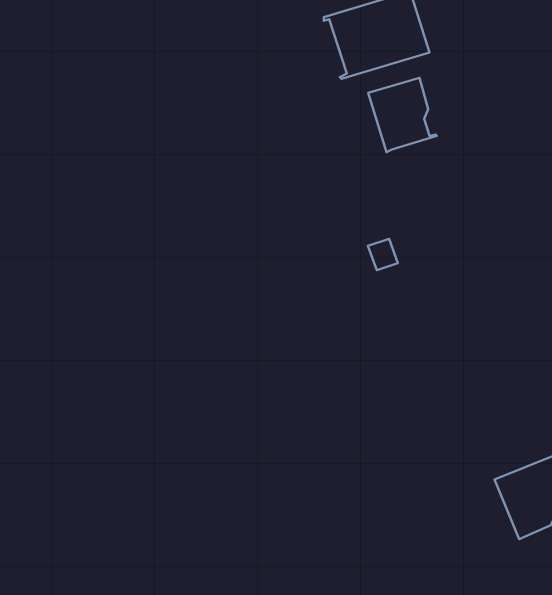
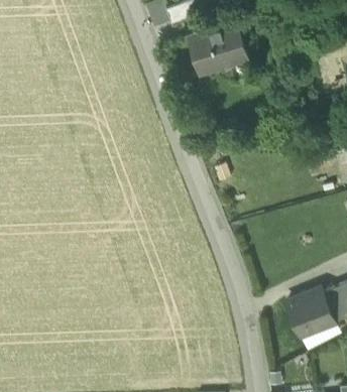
building: [368,78,437,152] -> none

